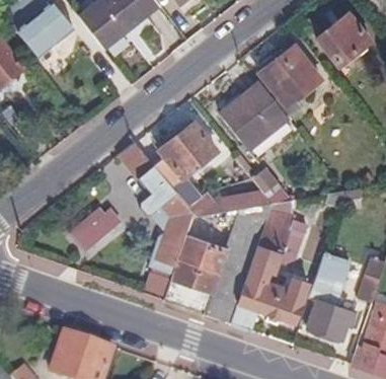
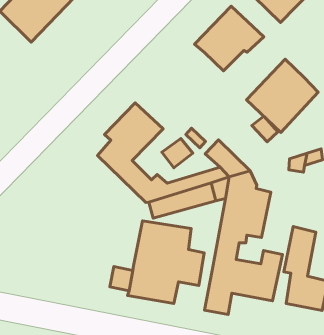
building: [223,83,290,150] -> [247,59,318,132]
building: [117,142,190,271] -> none
building: [68,208,119,248] -> none

